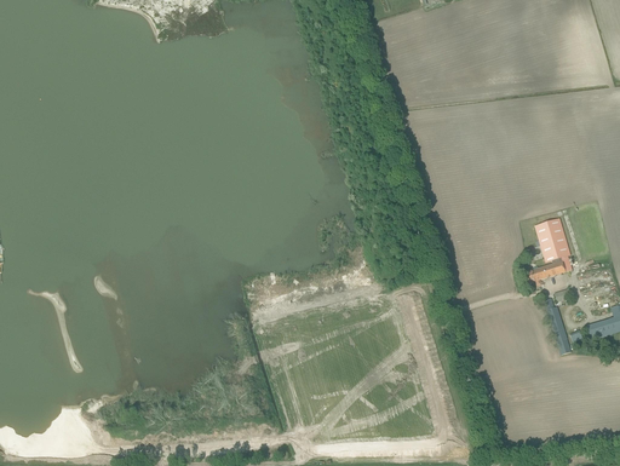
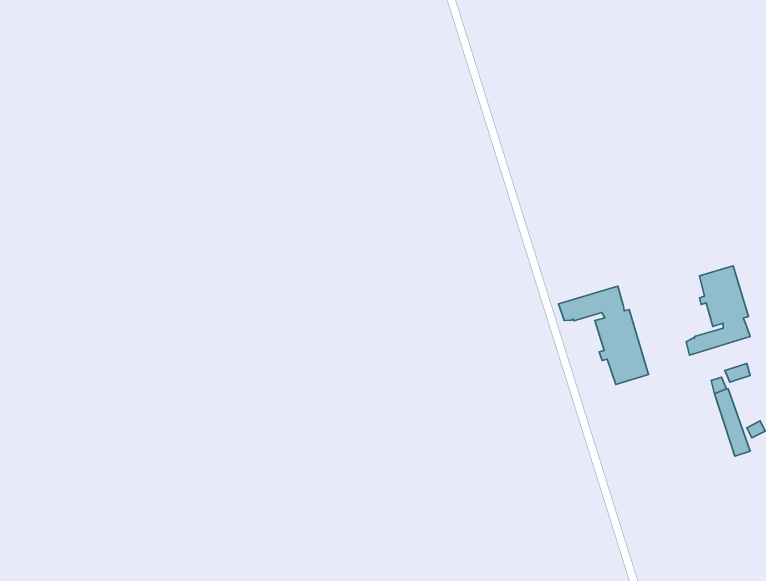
building: none -> [558,286,649,384]

